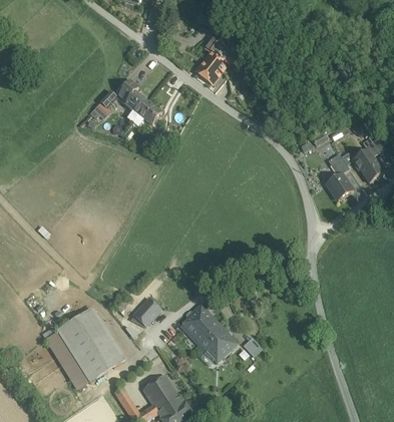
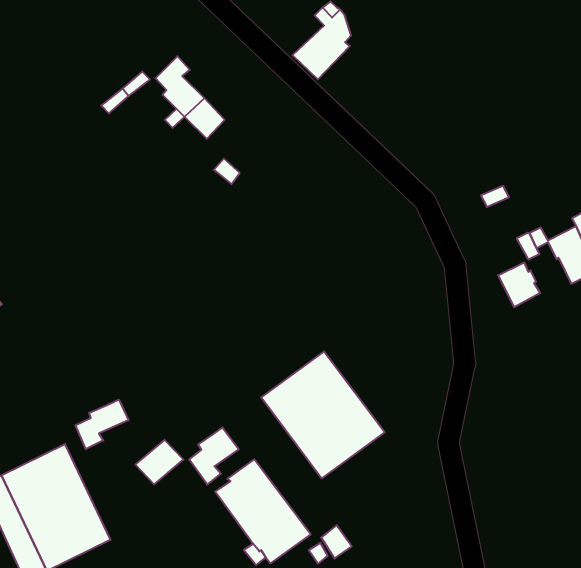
building: none -> [261,351,385,478]
building: none -> [76,400,129,449]
building: none -> [189,427,239,485]

